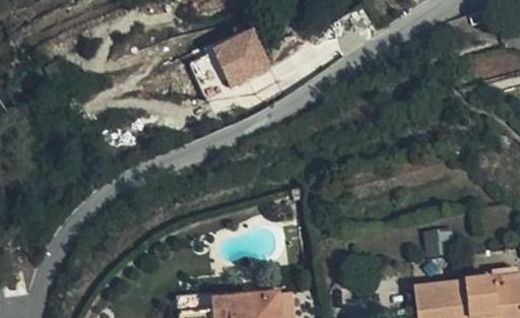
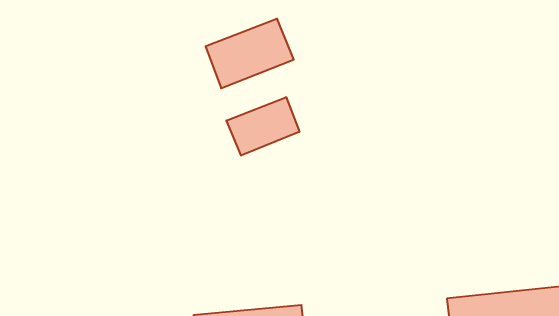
building: none -> [226,97,299,156]

